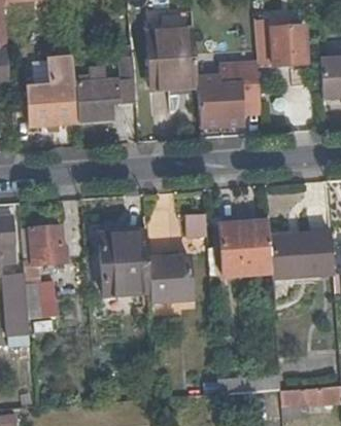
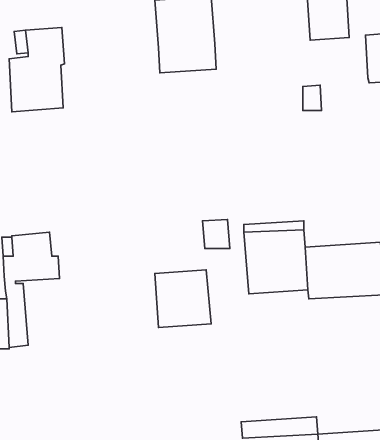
building: [76,43,136,120] -> none
building: [196,66,260,128] -> none
building: [98,232,150,310] -> none

